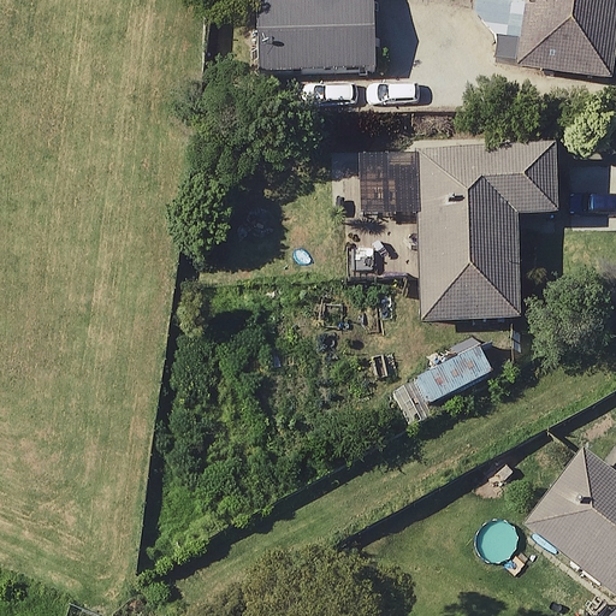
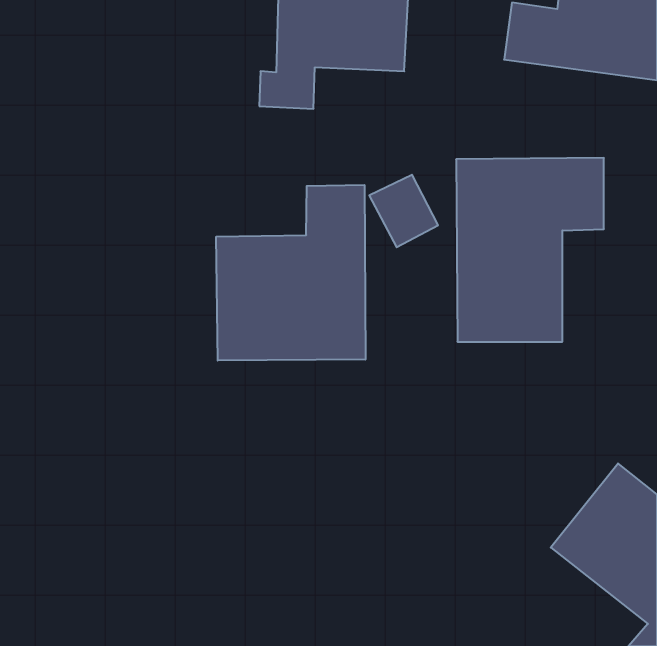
building: none -> [216,185,365,361]

